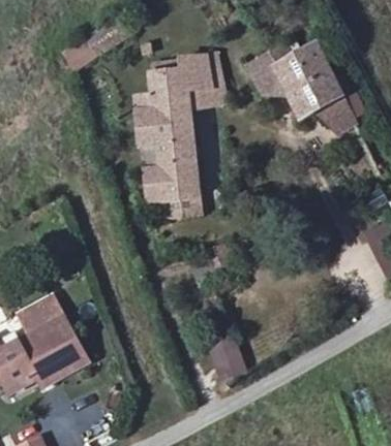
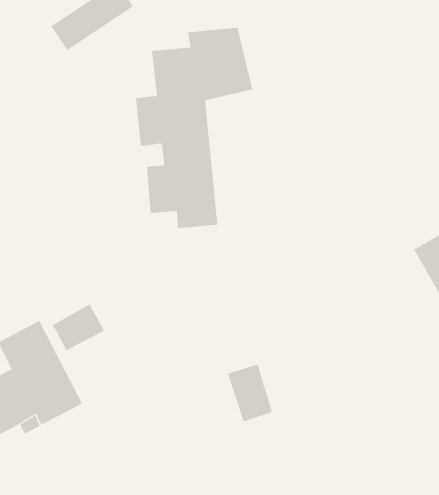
building: [243,40,356,133] -> none
building: none -> [52,303,105,351]

